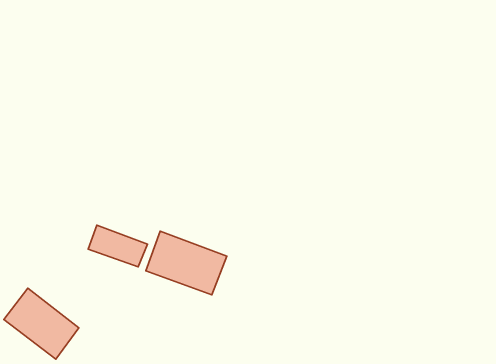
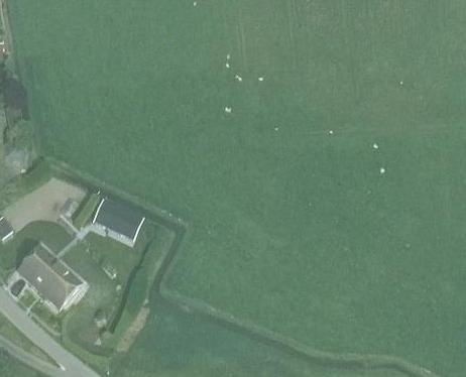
building: [146,231,227,295] -> none

